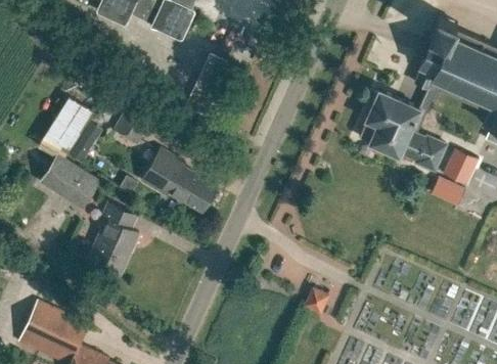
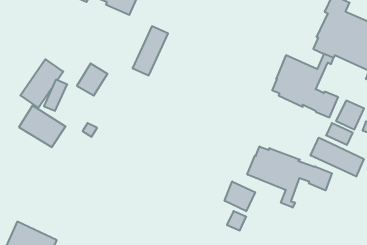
building: [141,148,217,213] -> none
building: none -> [311,138,364,177]
building: [87,204,138,275] -> none
building: none -> [247,146,332,208]
building: none -> [225,181,255,211]

